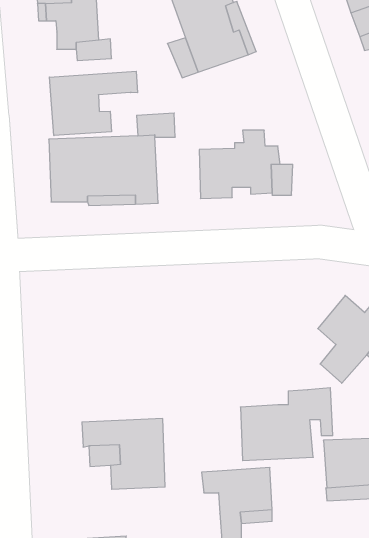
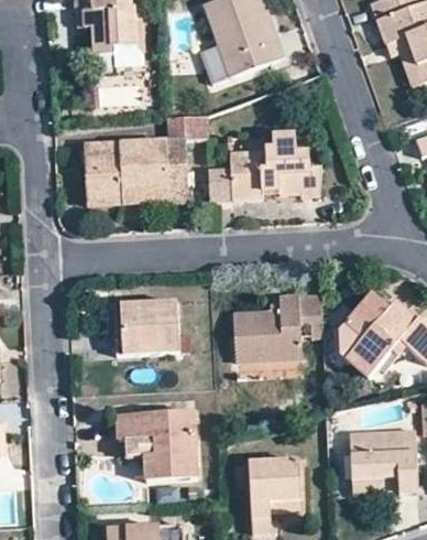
building: [49,71,138,136] -> none
building: none -> [121,300,179,354]
building: [240,388,333,461] -> [232,292,321,363]

